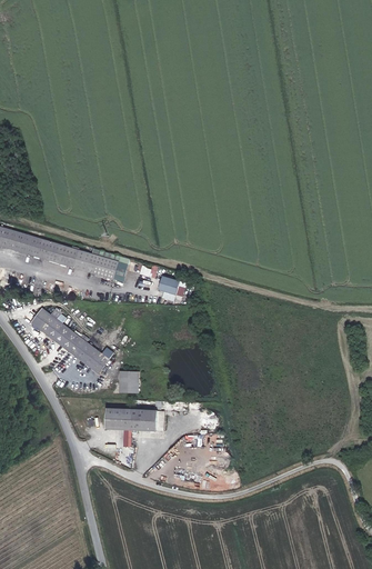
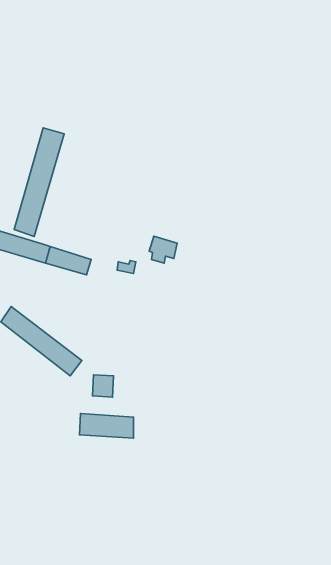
building: none -> [14,128,64,237]
building: [160,274,187,300] -> [149,236,177,263]

